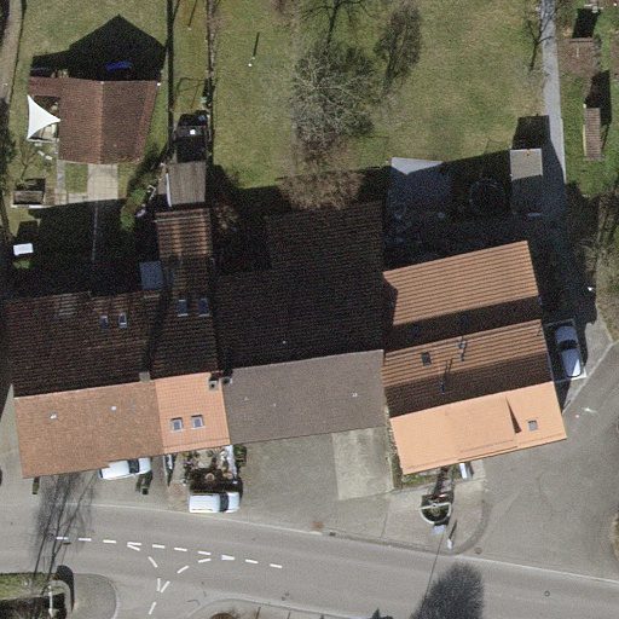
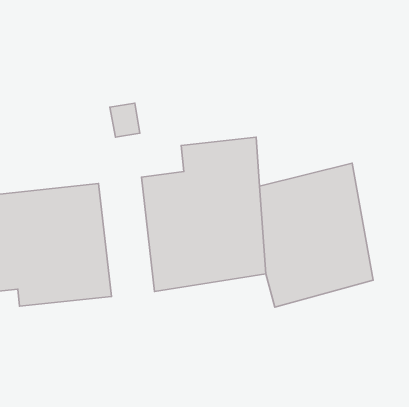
building: [60,91,157,173] -> none
building: [146,218,230,453] -> none

